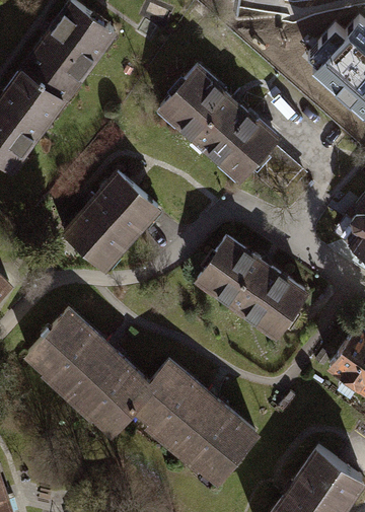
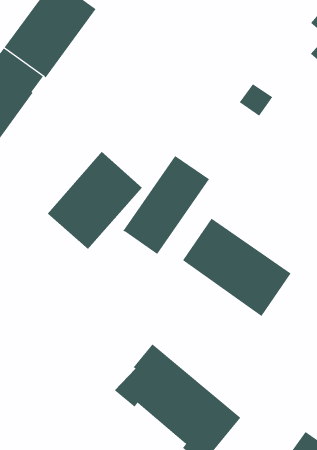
building: [160,52,270,170] -> none
building: none -> [123,155,210,255]
building: [27,313,150,434] -> none

